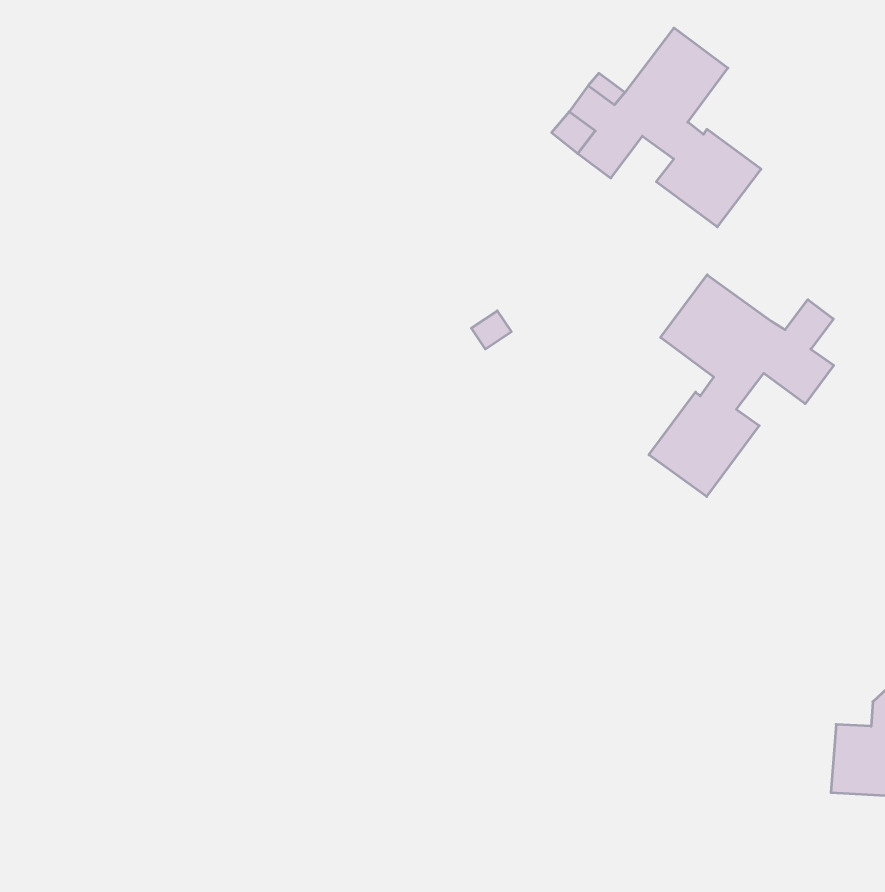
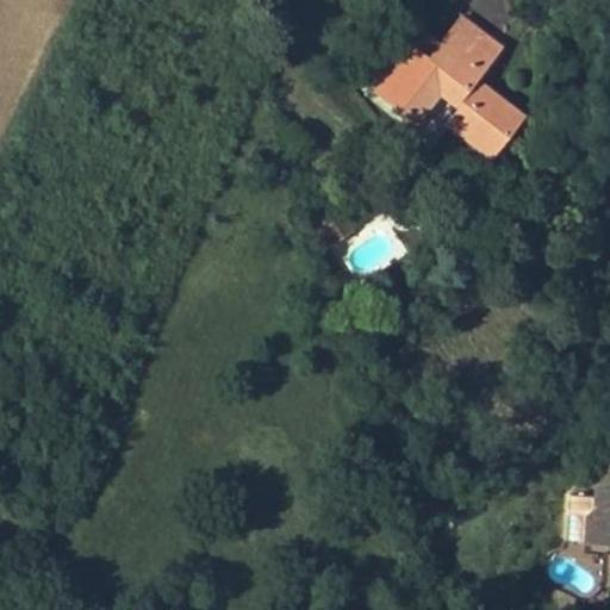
building: [649,275,834,497] -> none

